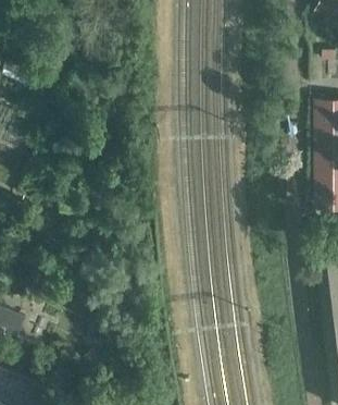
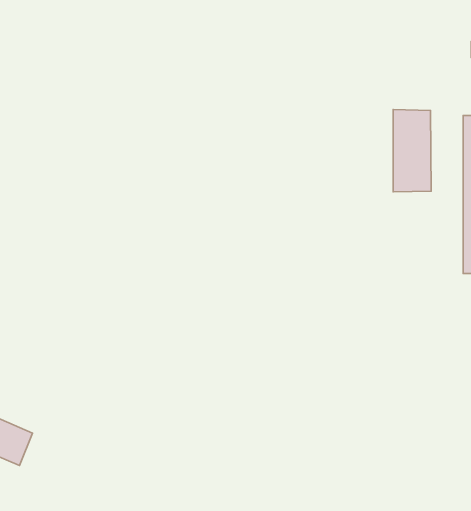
building: none -> [393,110,431,192]

